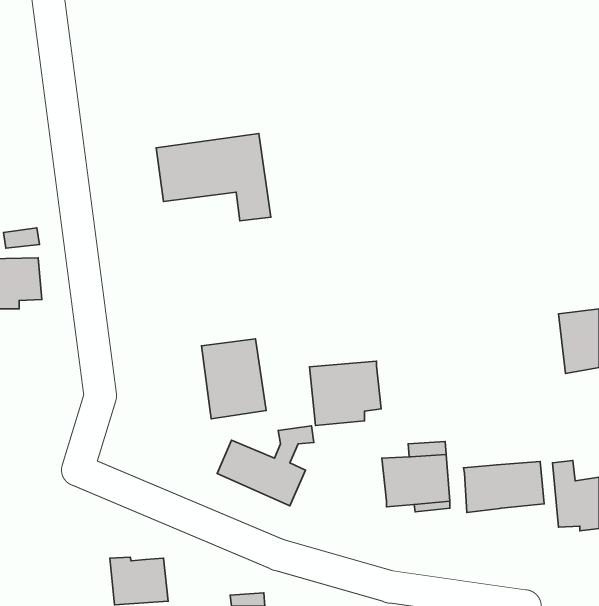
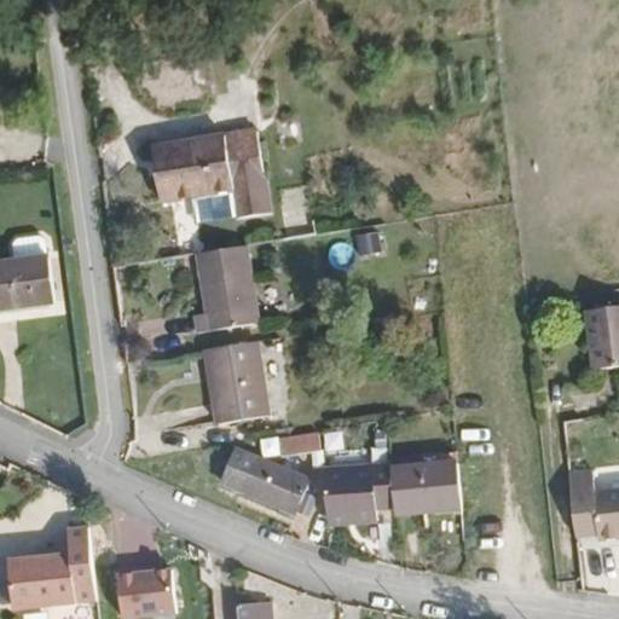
building: none -> [195,249,261,334]
building: [310,361,381,425] -> [319,459,392,525]
building: [463,462,544,512] -> none
building: none -> [5,521,93,603]

